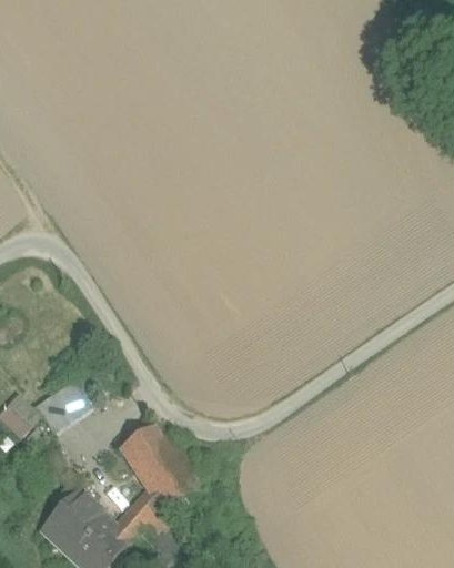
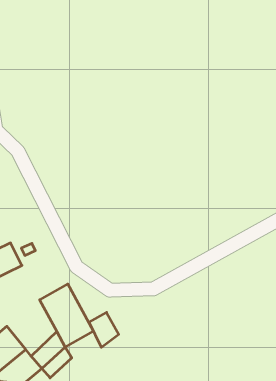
building: none -> [89,312,119,347]

